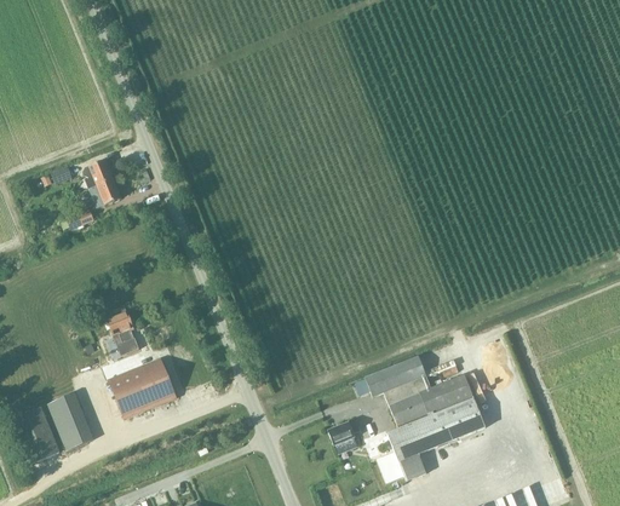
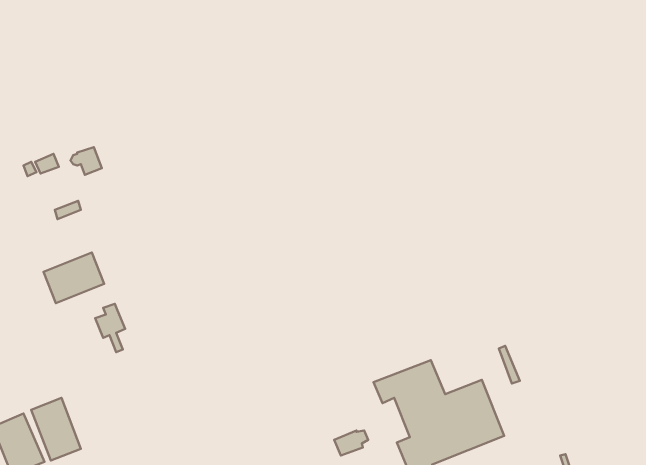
building: [88,179,120,207] -> none
building: none -> [44,253,104,303]
building: [108,358,176,419] -> none

